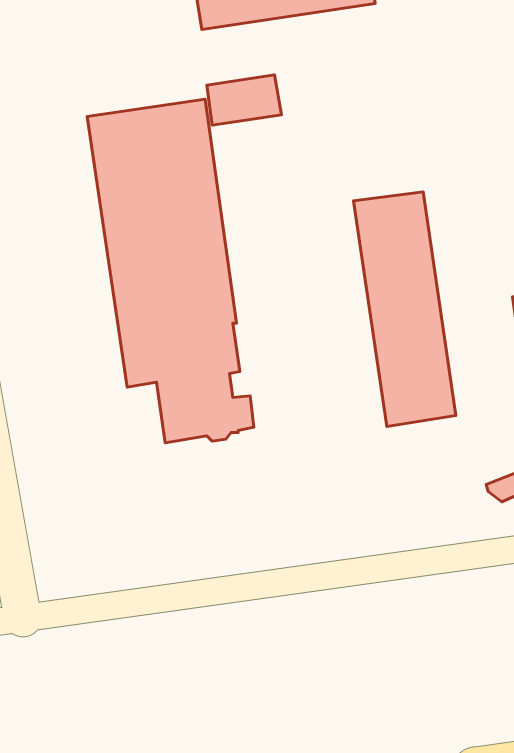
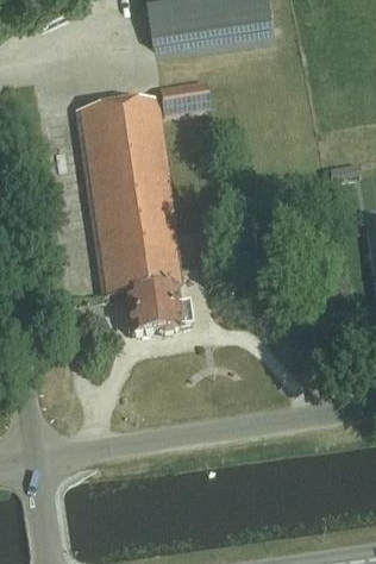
building: [354,192,456,427] -> none

